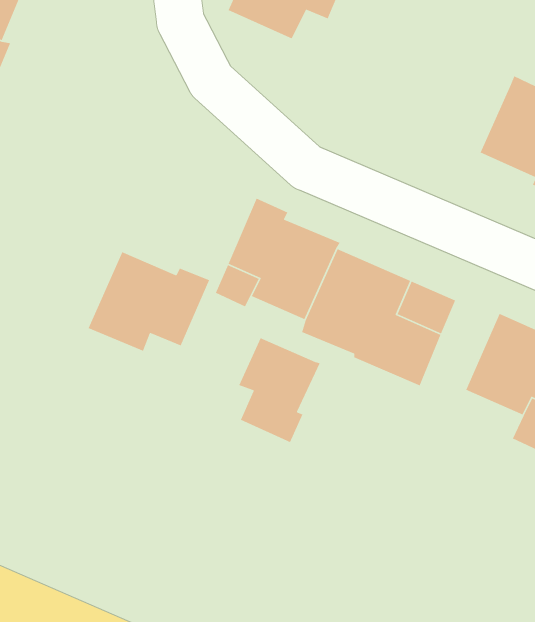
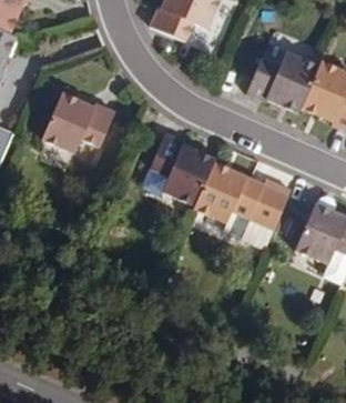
building: none -> [244,47,320,108]
building: [88,251,210,352] -> [40,95,115,158]
building: [238,337,321,443] -> none

